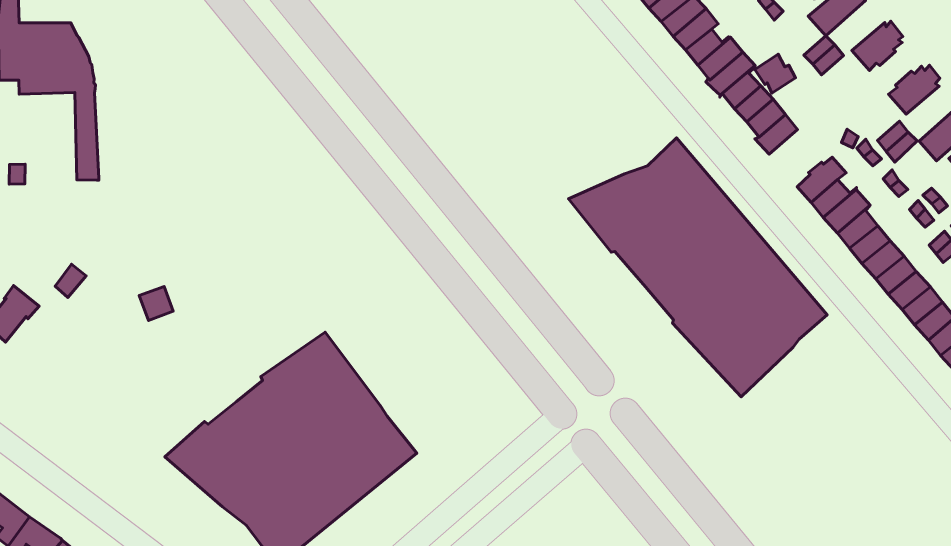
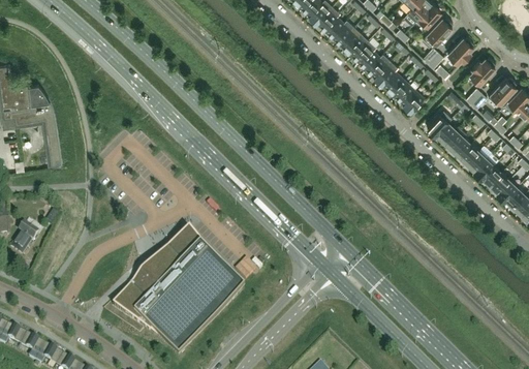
building: [568,138,827,397] -> none

